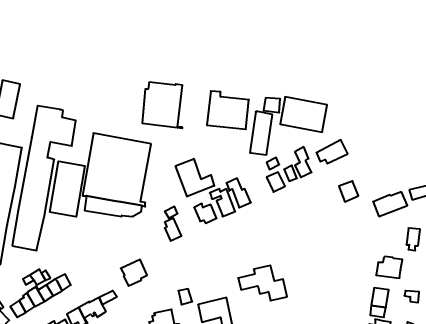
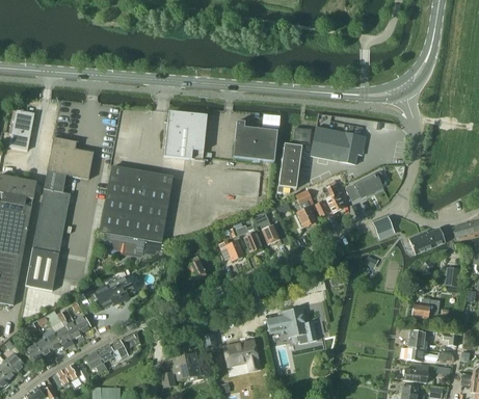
building: [176,159,214,197] -> none
building: [50,161,85,217] -> none
building: [121,260,147,286] -> [105,275,133,303]

